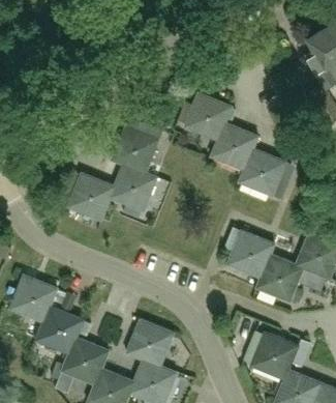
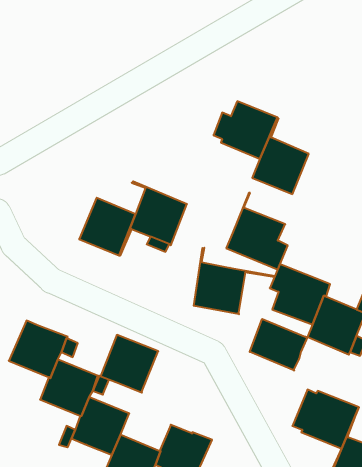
building: [112,117,162,177] -> none
building: [238,136,288,199] -> [226,193,288,269]
building: none -> [194,248,275,314]
building: none -> [250,319,307,371]
building: [126,319,174,367] -> [100,335,158,393]

